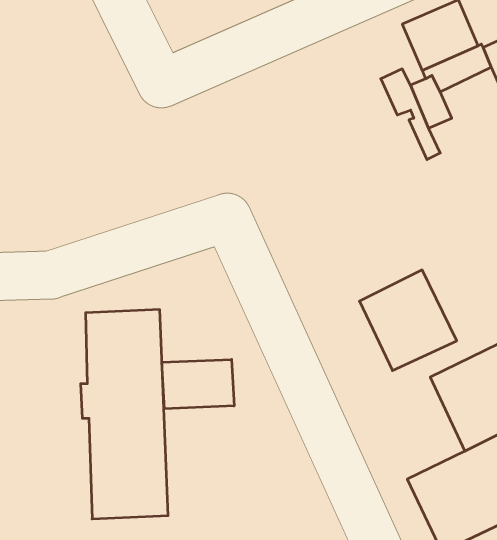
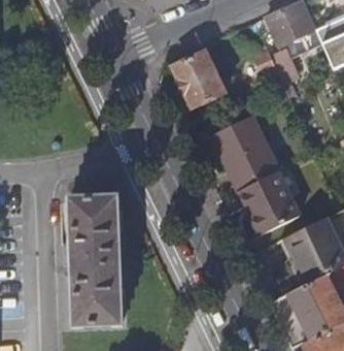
building: none -> [172,51,225,107]
building: none -> [213,117,277,189]
building: [162,359,234,409] -> none

